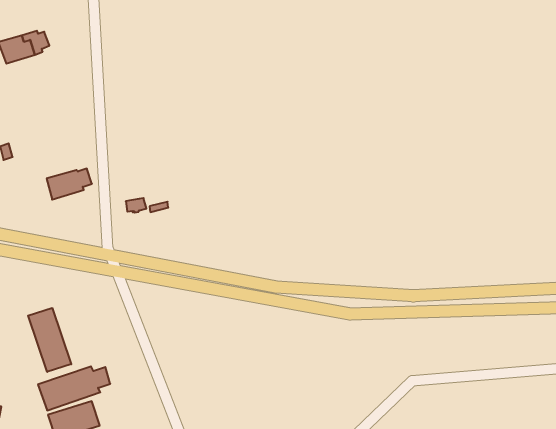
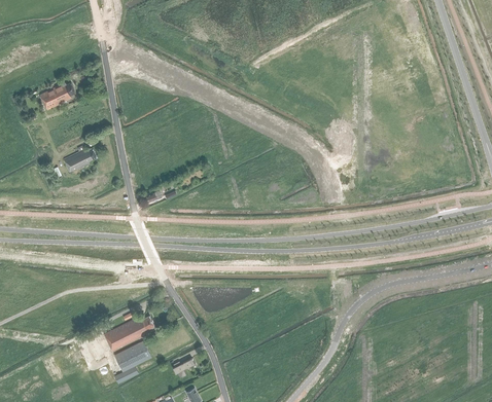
building: [47,169,92,200] -> [64,147,97,173]
building: [28,308,71,372] -> none

